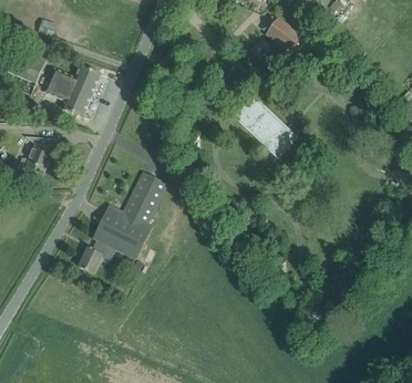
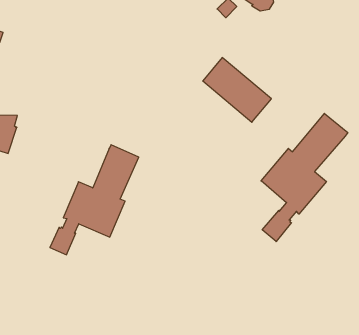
building: [45,65,101,116] -> none
building: none -> [261,113,348,242]

